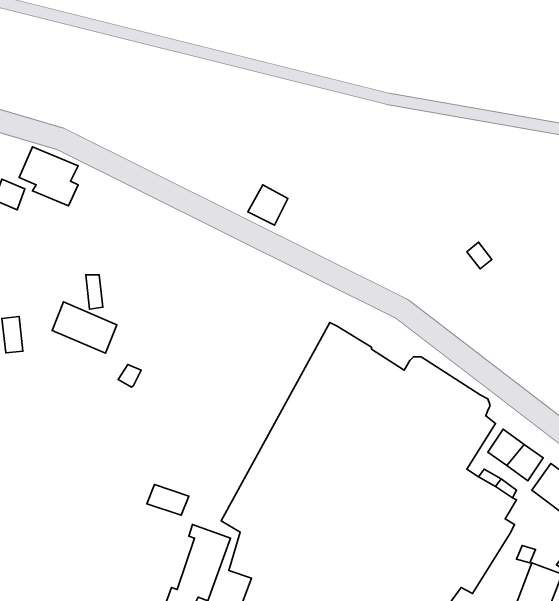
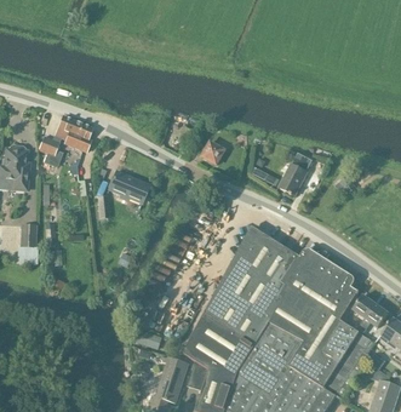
building: none -> [277,154,309,196]
building: [52,302,117,353] -> [108,172,149,205]

